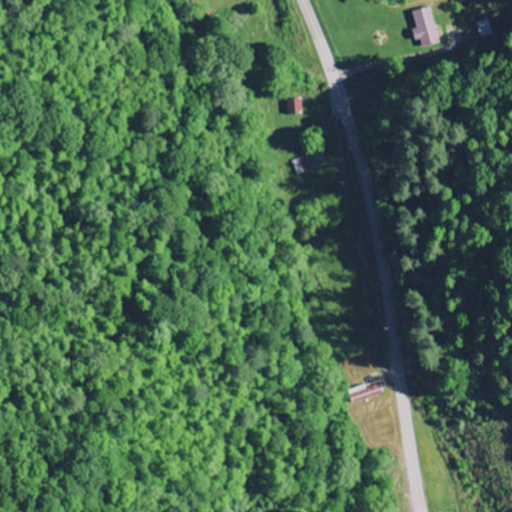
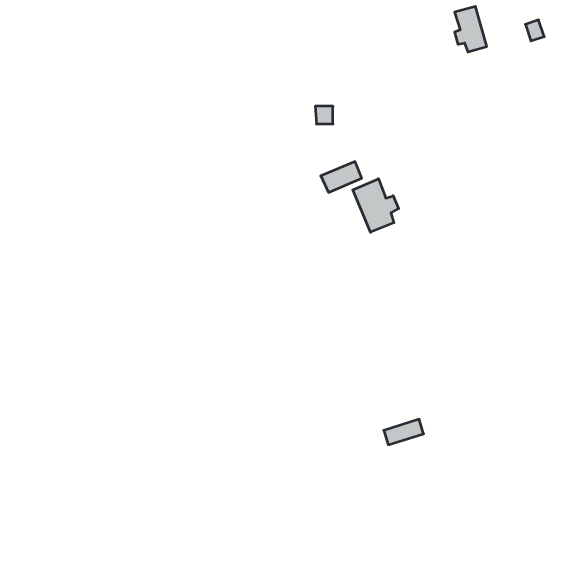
building: none -> [353,179,399,232]

